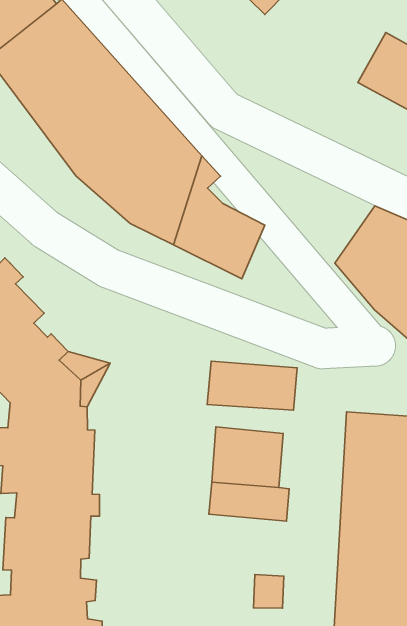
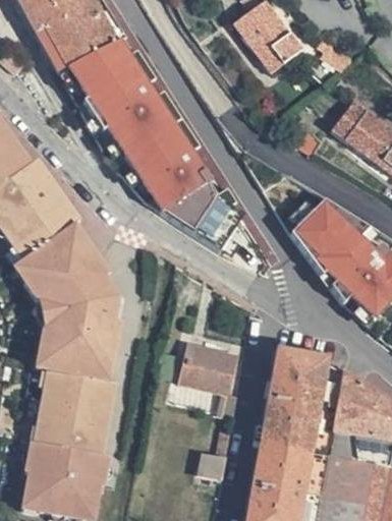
building: [207,361,297,410] -> none

